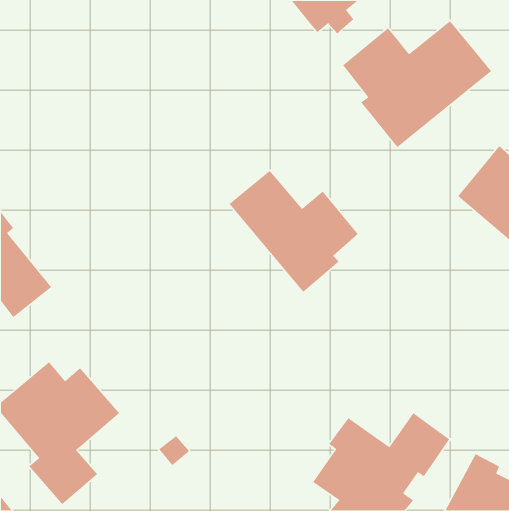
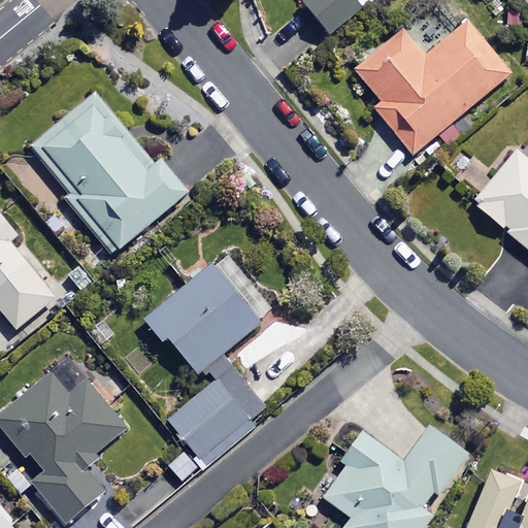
building: none -> [31,93,187,252]
building: [229,170,359,293] -> none
building: none -> [144,263,268,463]

